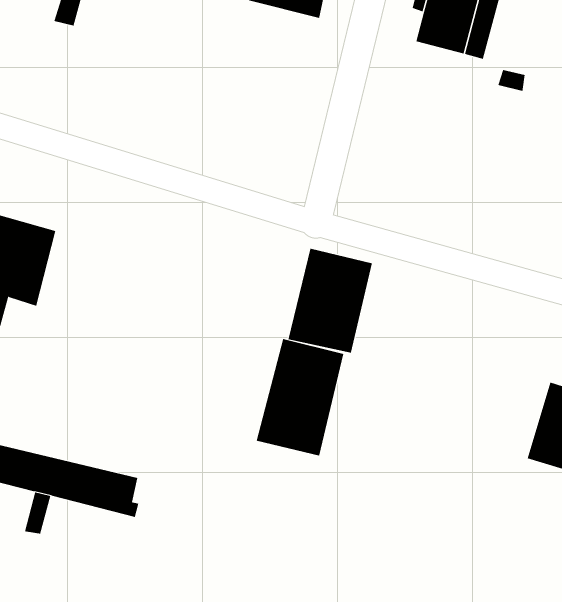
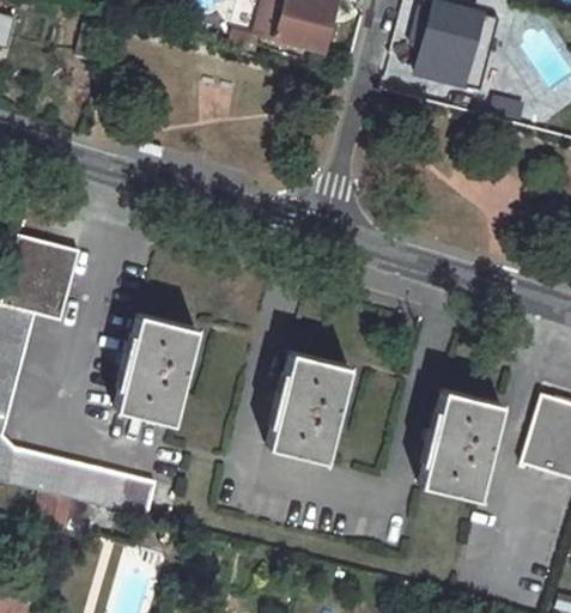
building: [288,248,373,353] -> none
building: none -> [114,316,194,425]
building: none -> [420,389,502,500]

